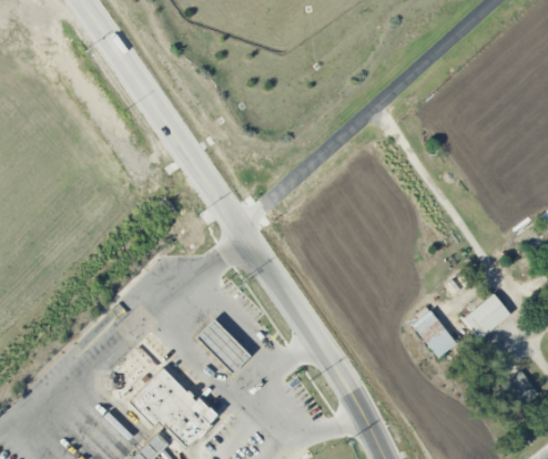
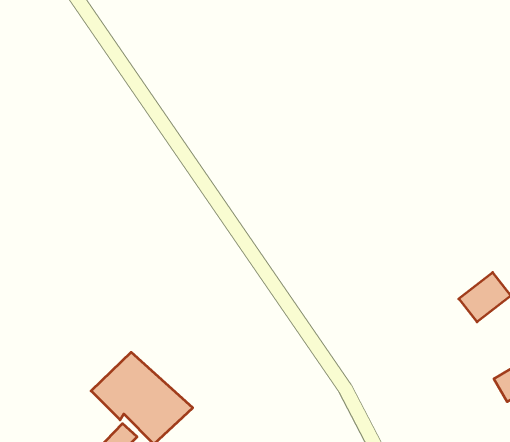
building: [413,309,457,357] -> none
building: [194,318,252,375] -> none

